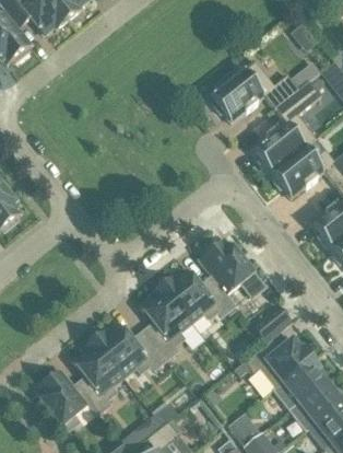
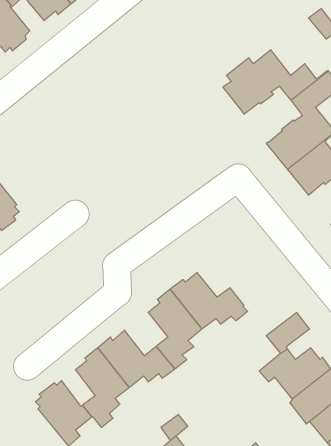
building: [200,237,264,298] -> none

